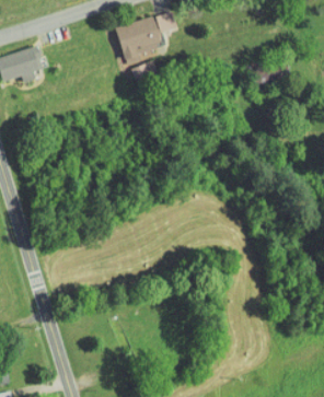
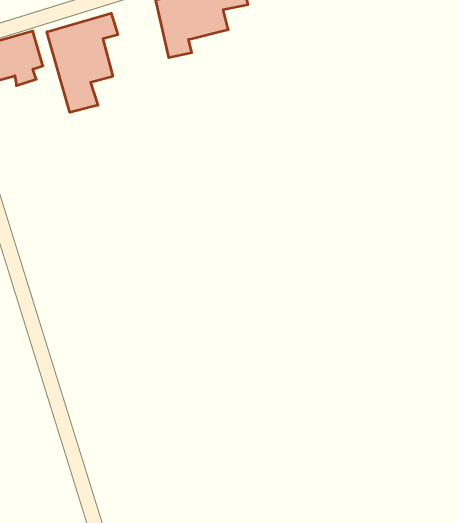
building: none -> [47,13,118,112]

